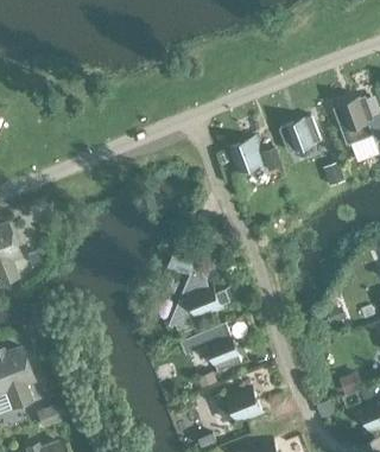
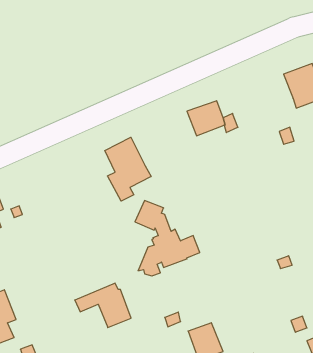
building: [283,113,325,152] -> none
building: none -> [105,137,151,201]
building: [180,322,243,371] -> [75,283,131,328]

